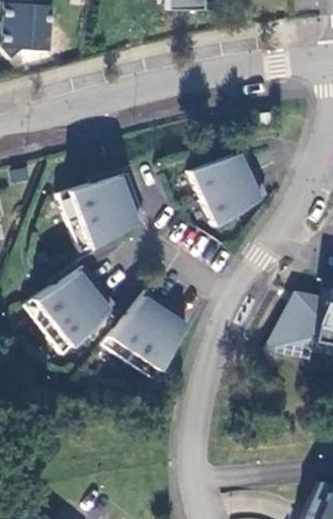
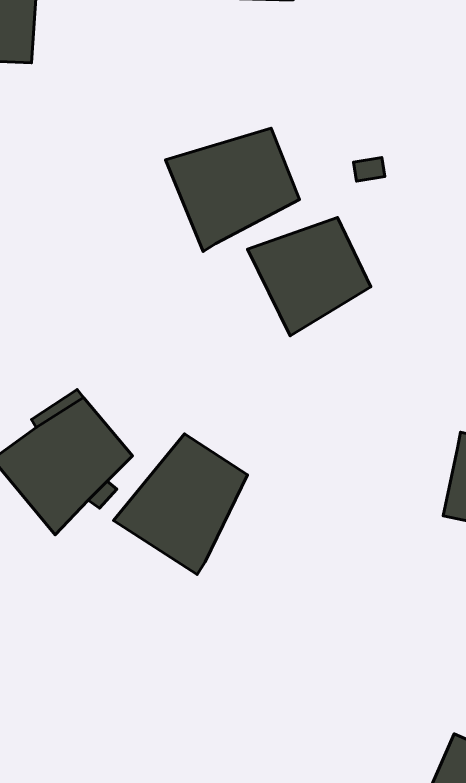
building: [56,174,142,253] -> [165,128,299,251]
building: [265,294,321,357] -> none

